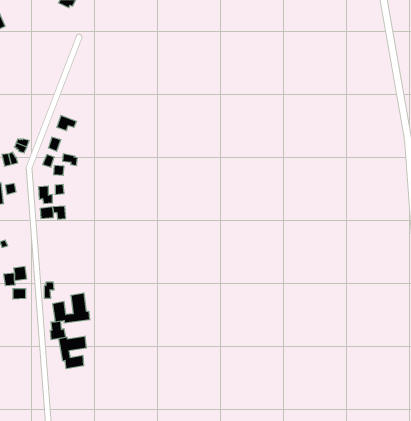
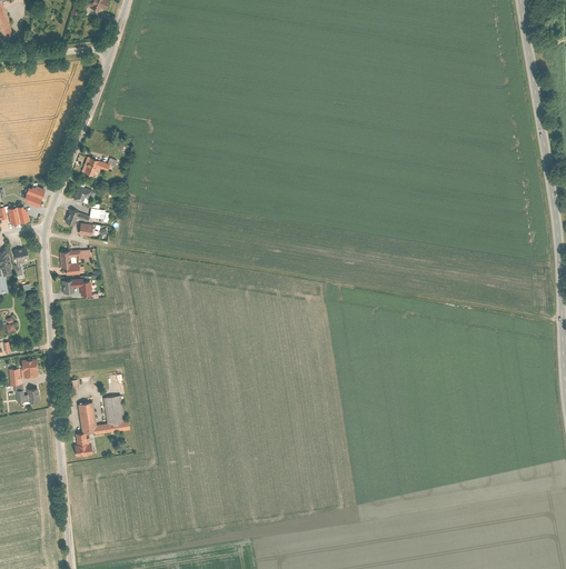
building: [59,336,86,369] -> none

